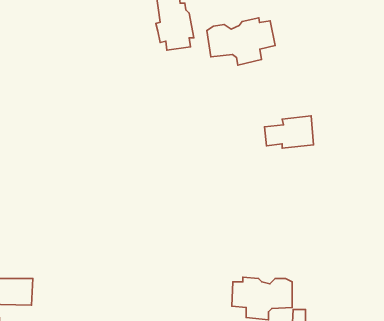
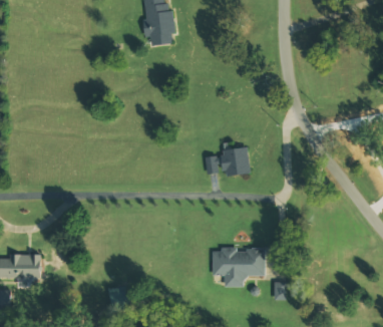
building: [207,18,275,65] -> none
building: [264,116,314,148] -> [205,146,249,176]

